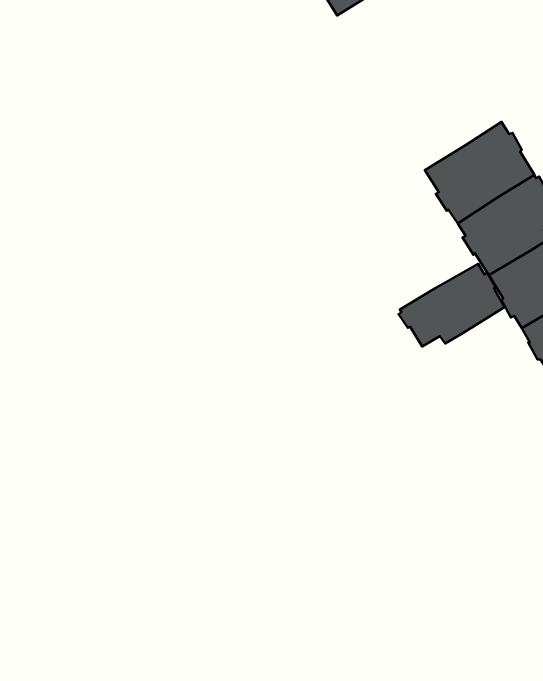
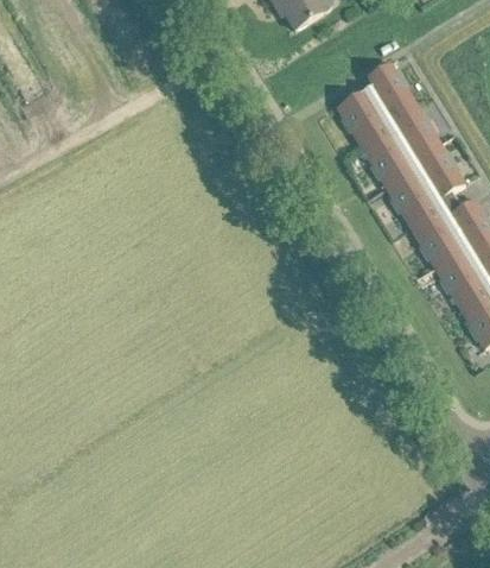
building: none -> [335,61,418,146]
building: [399,264,505,347] -> none

